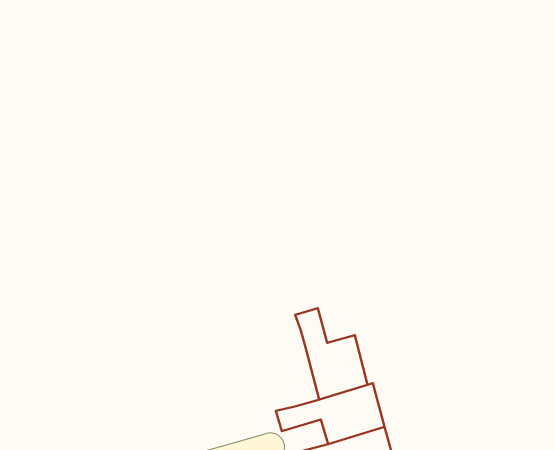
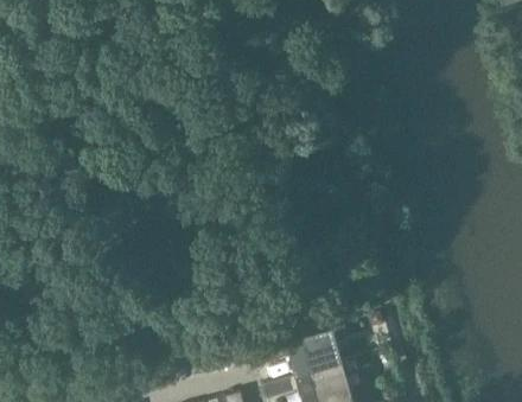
building: [295,308,367,399] -> none

